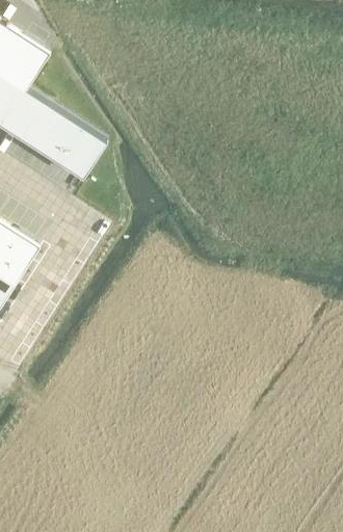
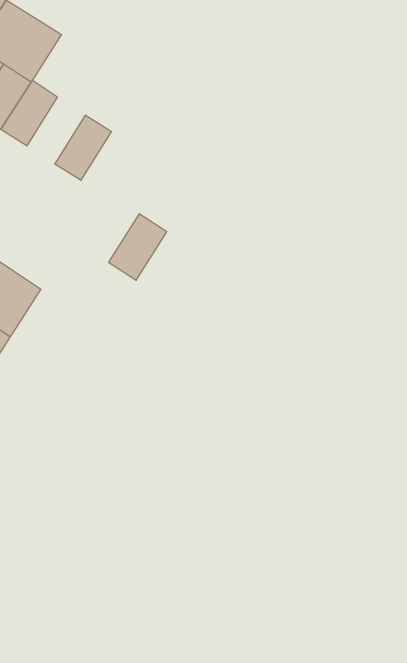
building: [23,102,67,152] -> none
building: [63,128,107,178] -> [109,214,167,280]

